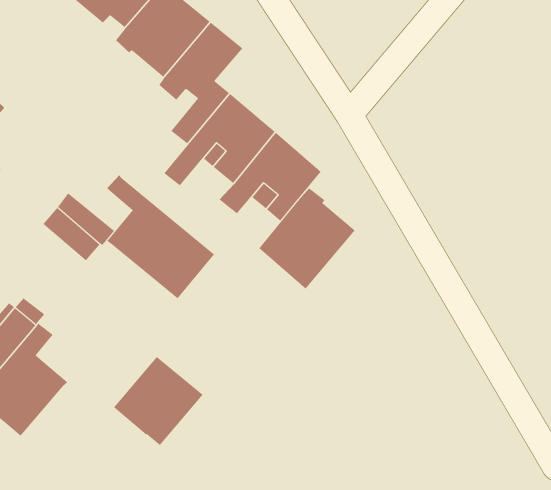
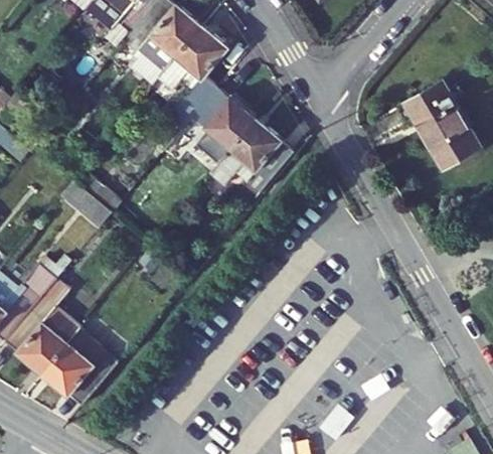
building: none -> [404,83,478,167]
building: [106,175,215,299] -> none
building: [258,188,355,289] -> none
building: [113,356,204,446] -> [41,328,117,403]

